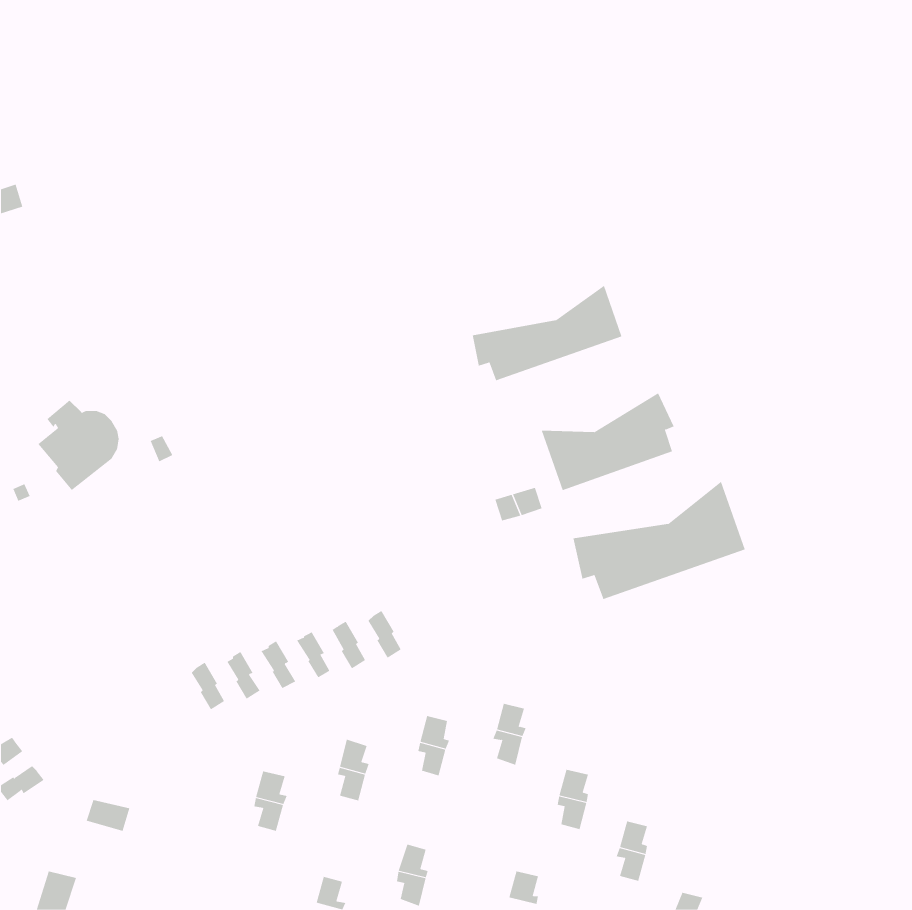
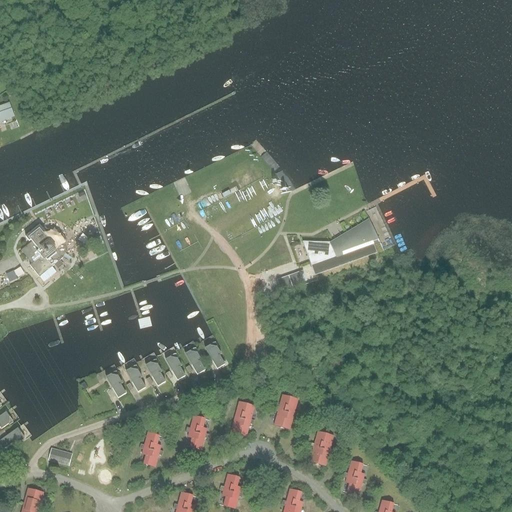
building: [472,285,622,381] -> none
building: [573,481,746,600] -> none

